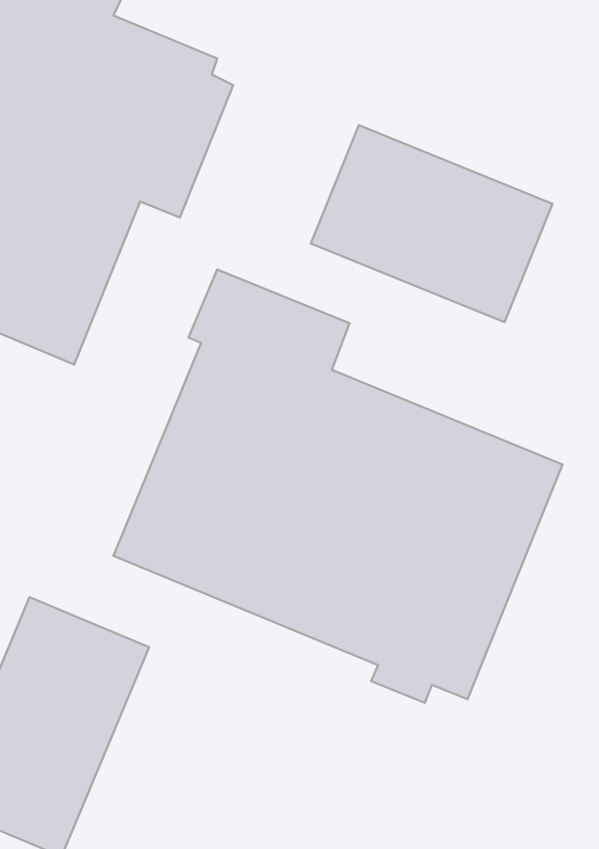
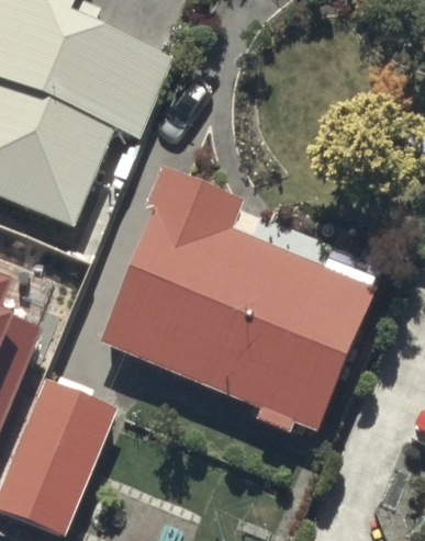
building: [311,125,553,322] -> none

